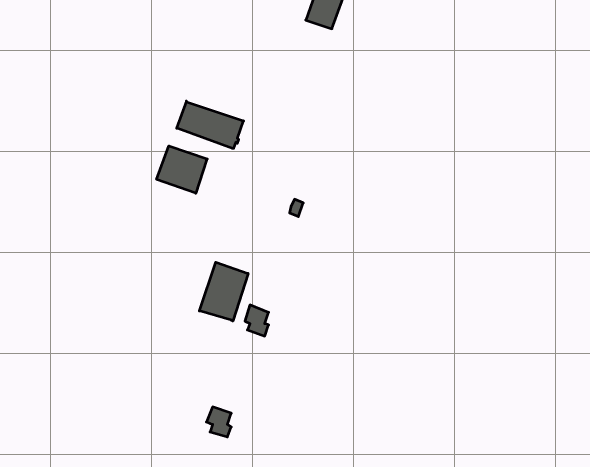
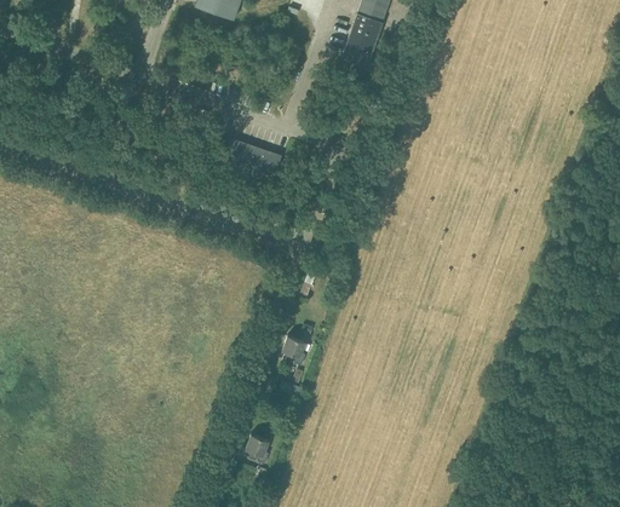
building: [157,146,207,193] -> none
building: [199,262,248,321] -> none

